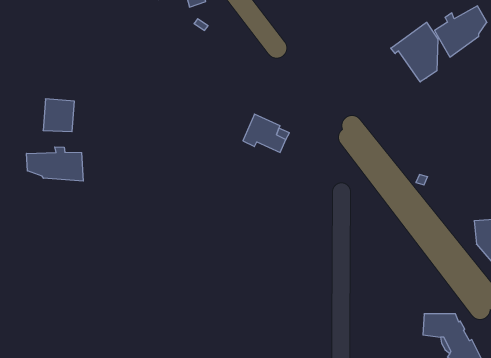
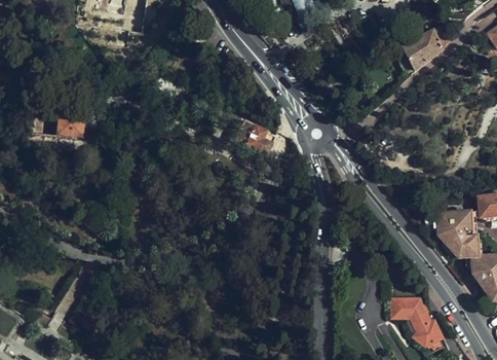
building: [391,22,438,82] -> none
building: [27,147,83,181] -> none

